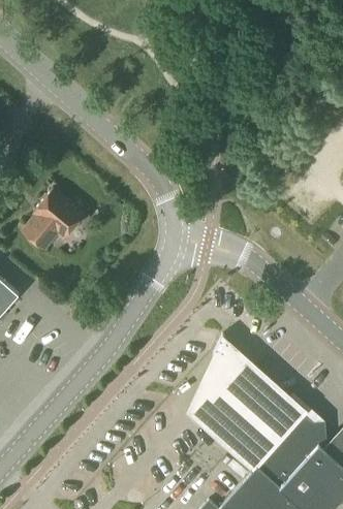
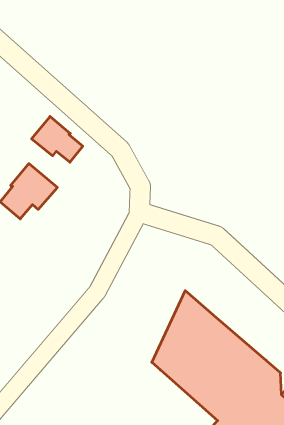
building: none -> [32,116,83,162]

